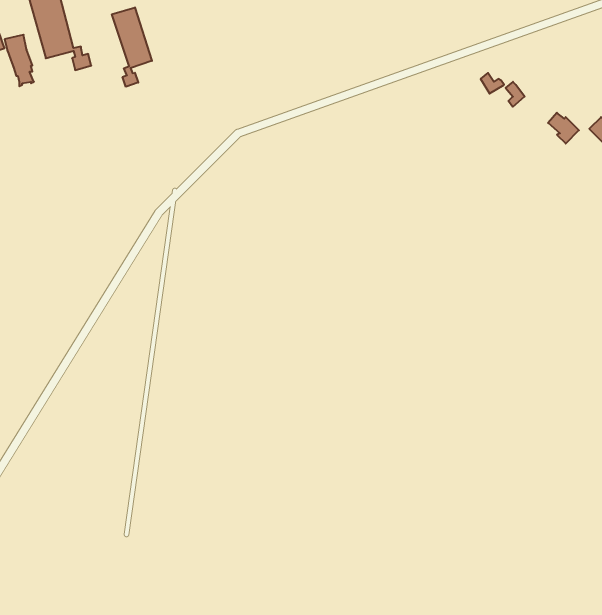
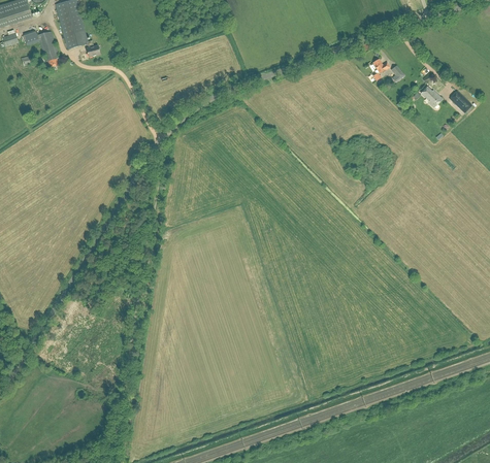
building: [112,7,152,87] -> none

